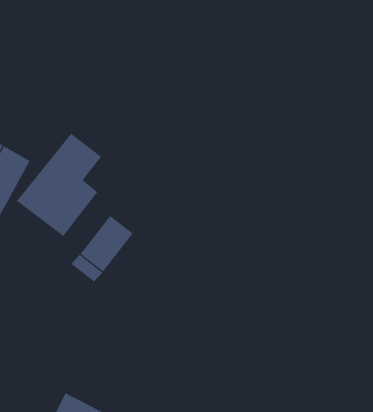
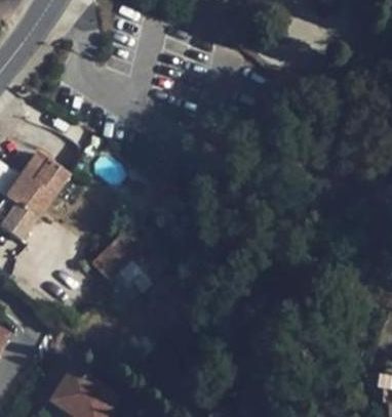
building: [16,133,102,237] -> none

